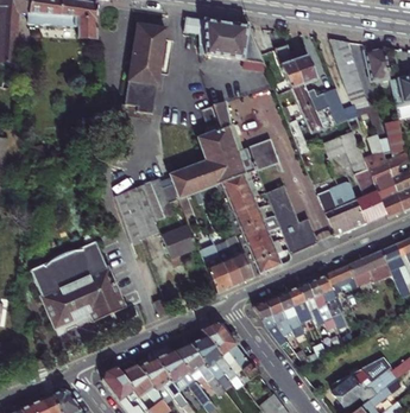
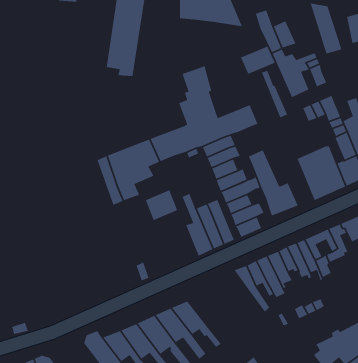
building: none -> [240,46,276,75]
building: [31,240,126,326] -> none
building: [202,324,259,380] -> none

